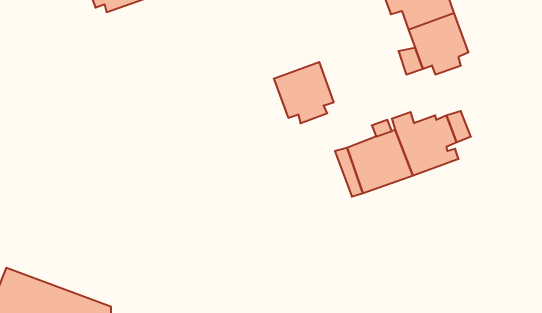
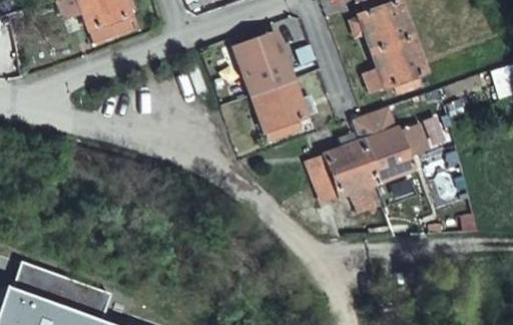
building: none -> [234,34,292,94]

